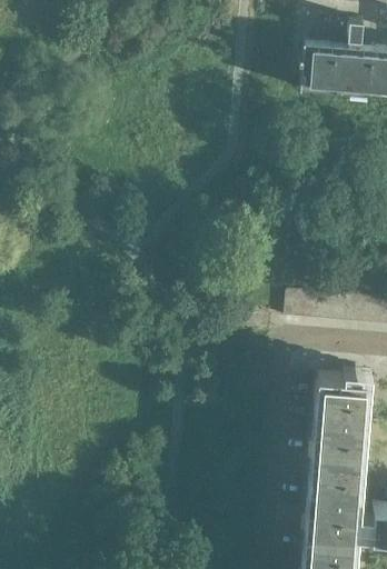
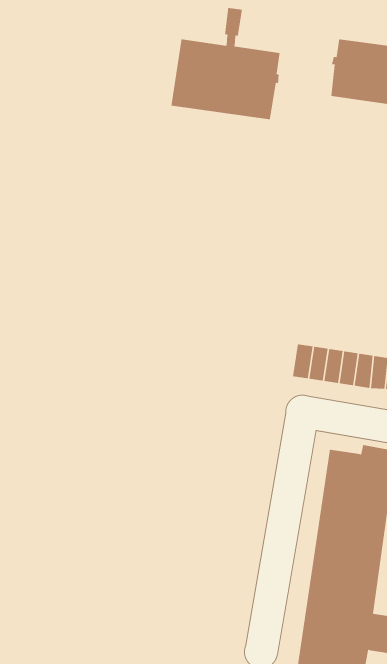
building: none -> [171,7,280,120]

